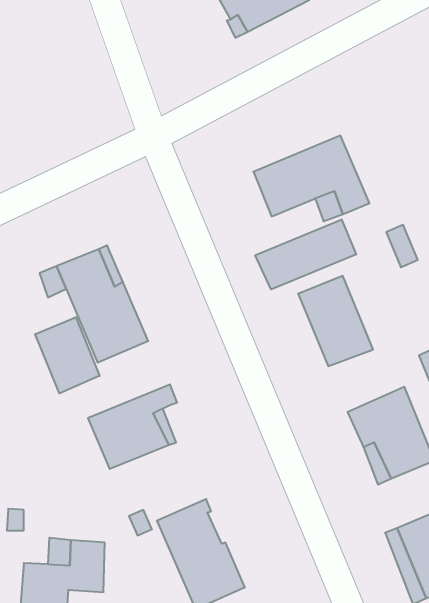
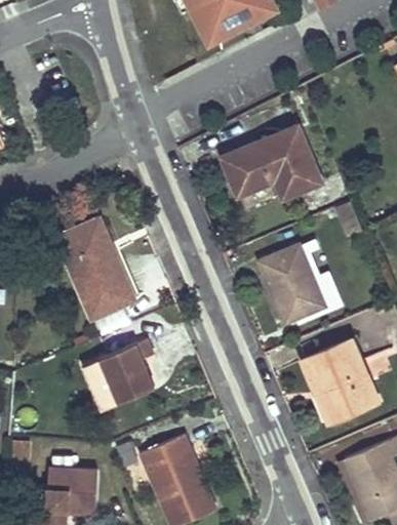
building: [255,219,356,289] -> none
building: [35,317,100,393] -> none

